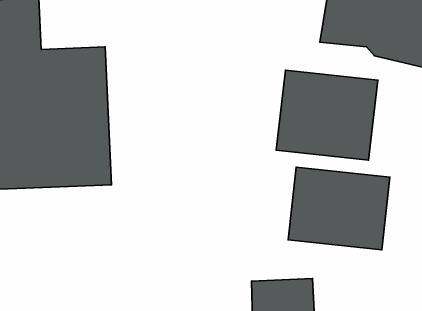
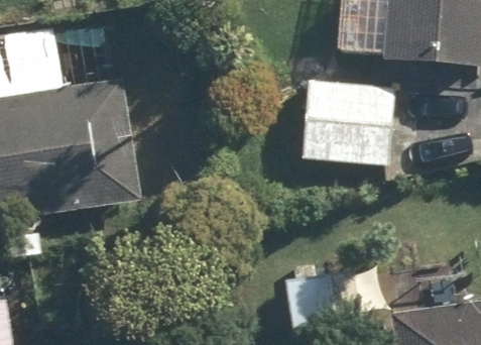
building: [288,167,390,250] -> none

